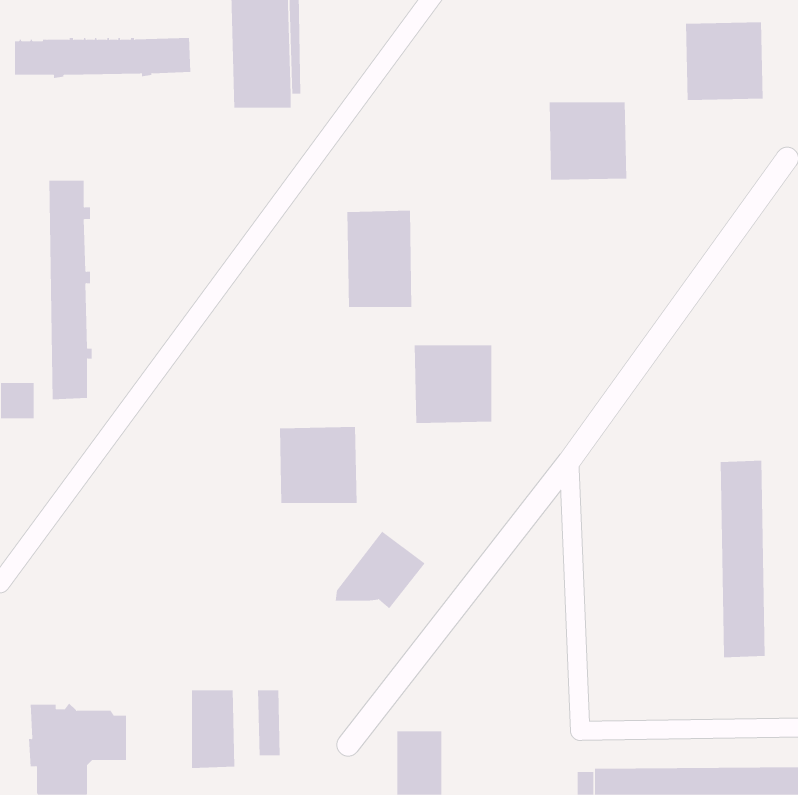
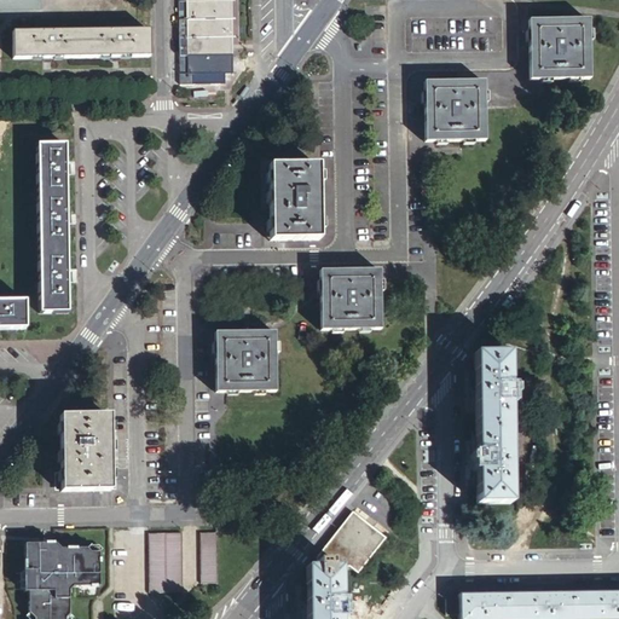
building: [720,460,765,658] -> [478,349,513,502]
building: [335,531,426,609] -> [318,509,388,569]
building: none -> [62,413,112,488]

